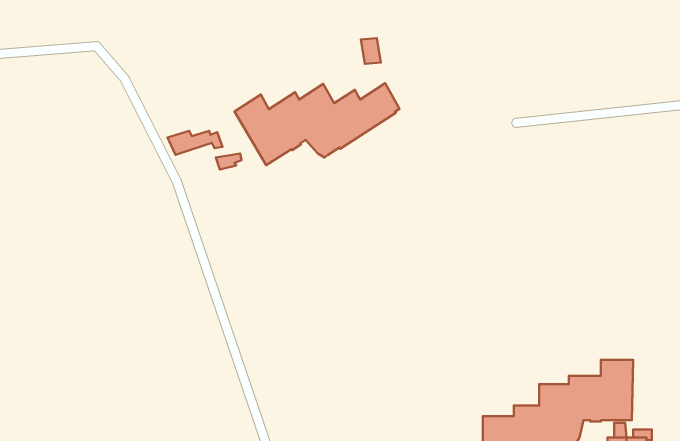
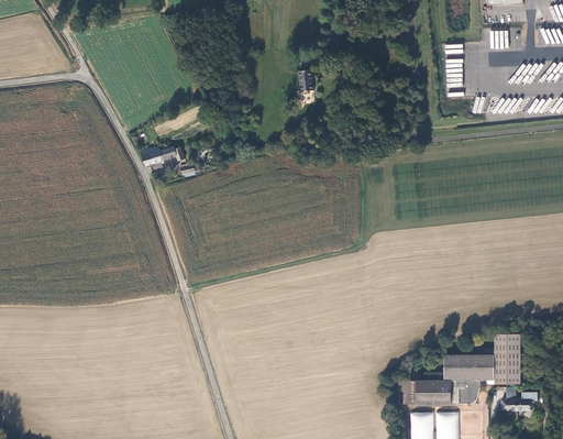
building: [235,83,400,165] -> none

